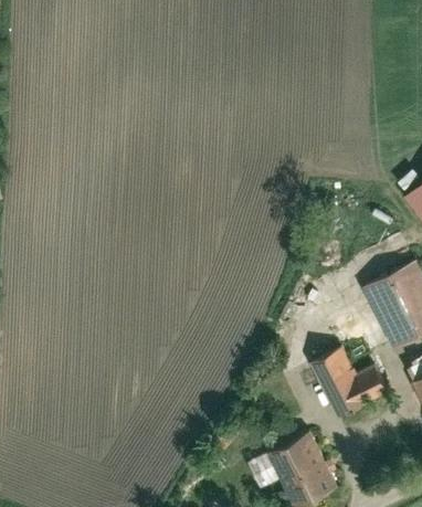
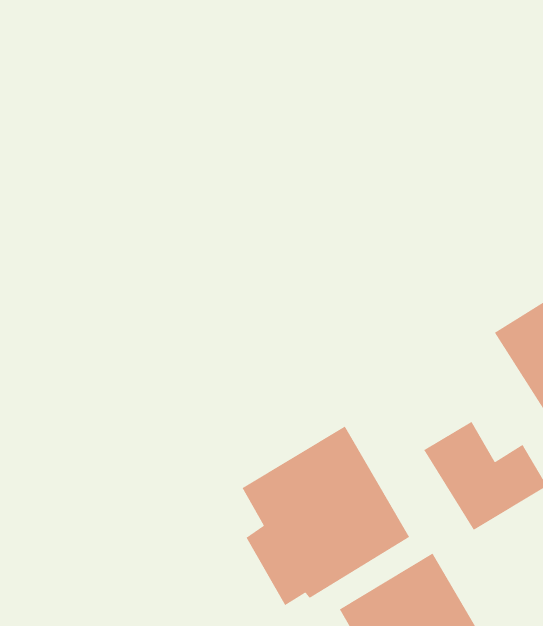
building: none -> [242,425,410,606]

